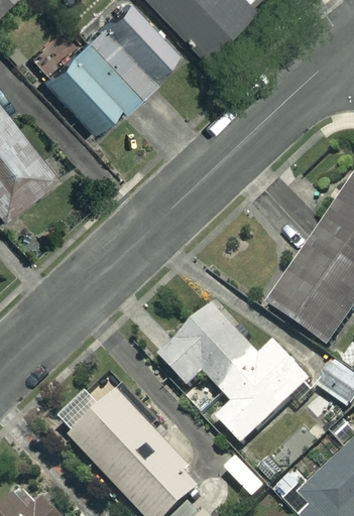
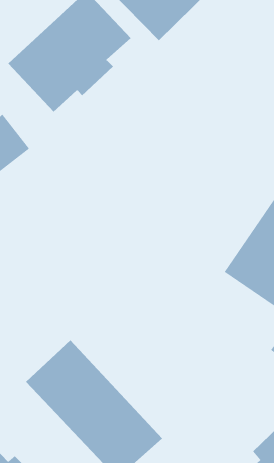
building: [159,303,317,442] -> none

